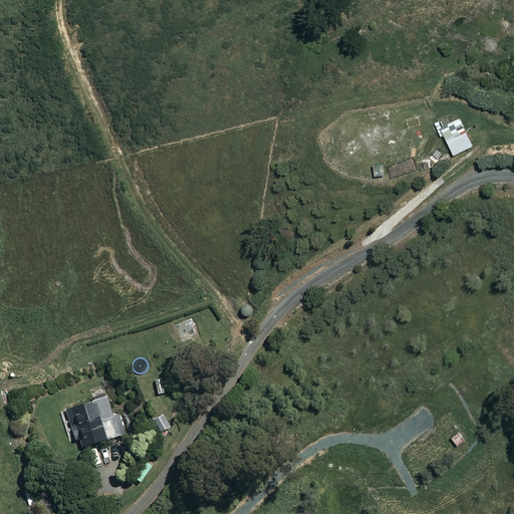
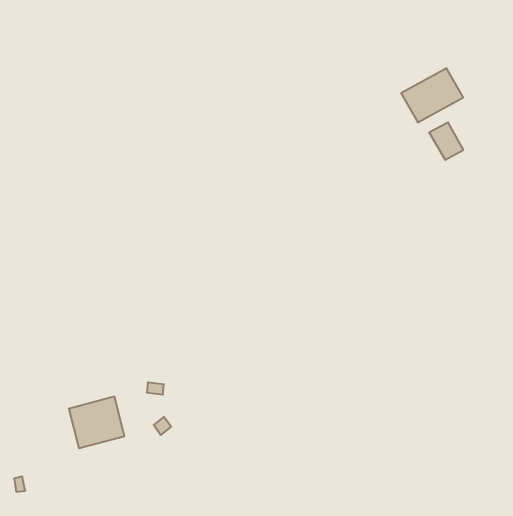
building: none -> [401,68,463,123]

